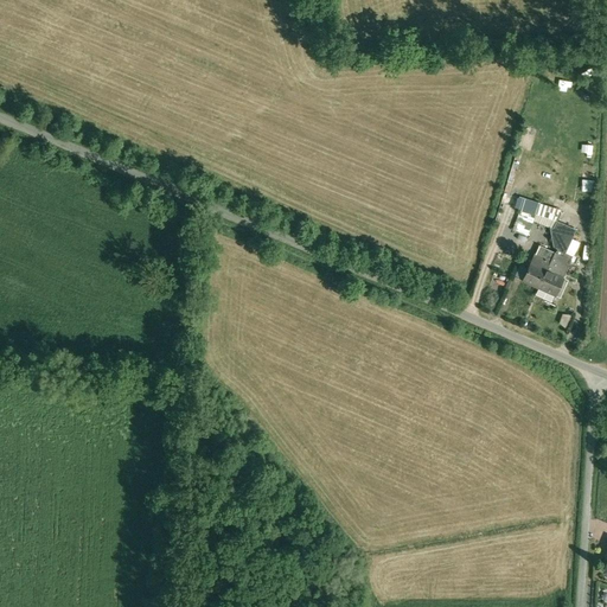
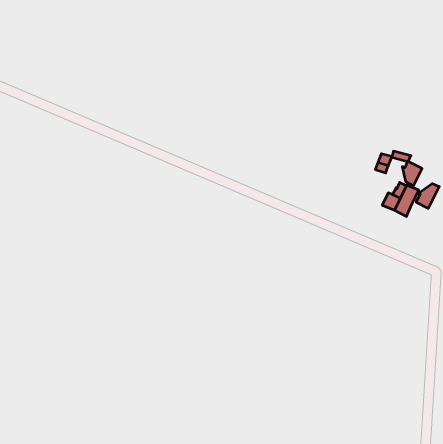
building: none -> [416,184,439,208]

